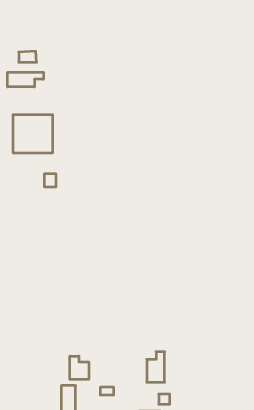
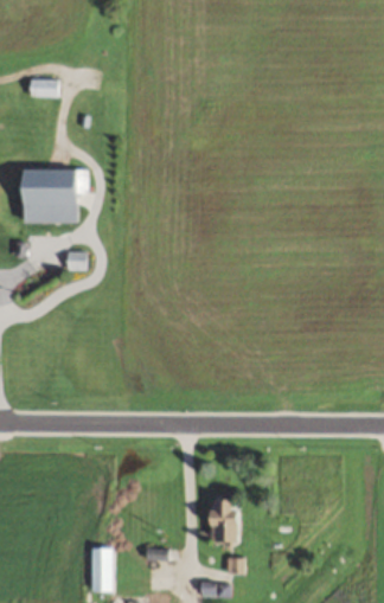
building: [8,72,43,87] -> none
building: [70,356,89,379] -> none

